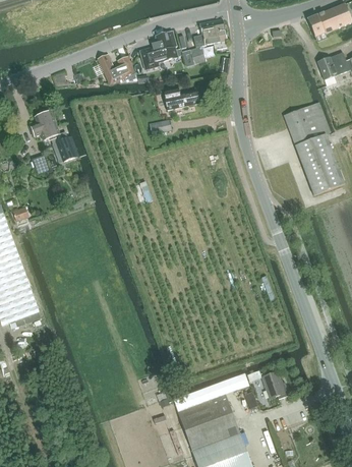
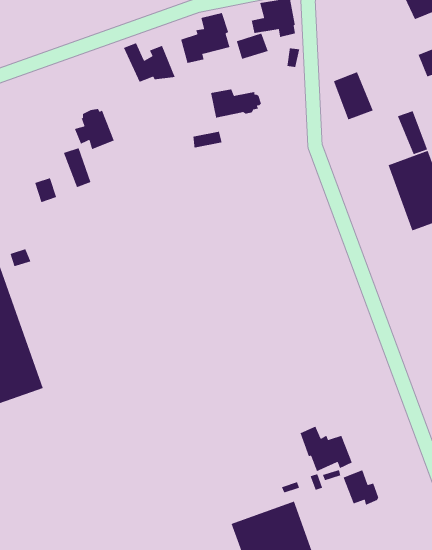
building: [30,108,60,139] -> [74,108,115,150]
building: [284,108,314,144] -> [333,71,374,120]
building: none -> [299,426,353,472]

